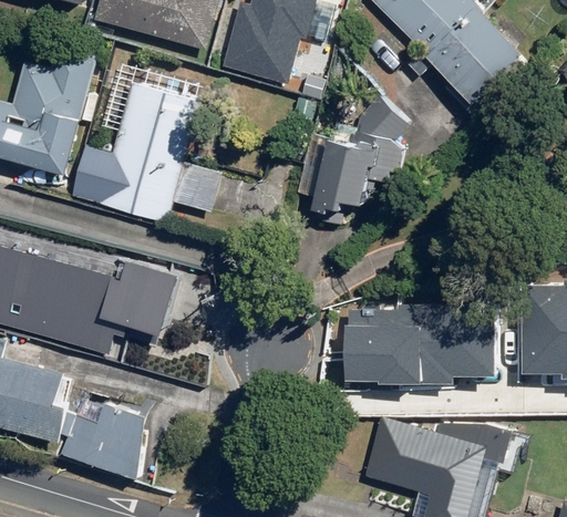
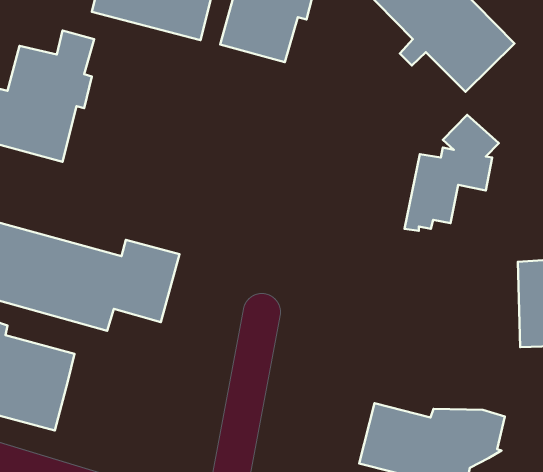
building: [68,86,220,226] -> none
building: [313,99,409,216] -> [405,115,499,231]
building: [350,296,499,371] -> none
building: [55,393,143,478] -> none

